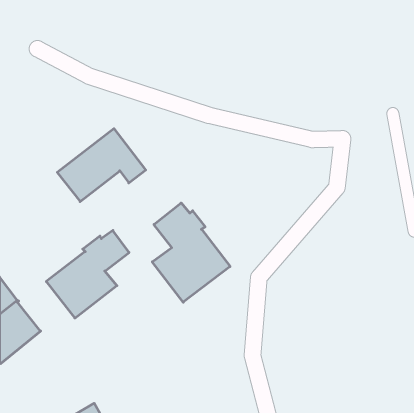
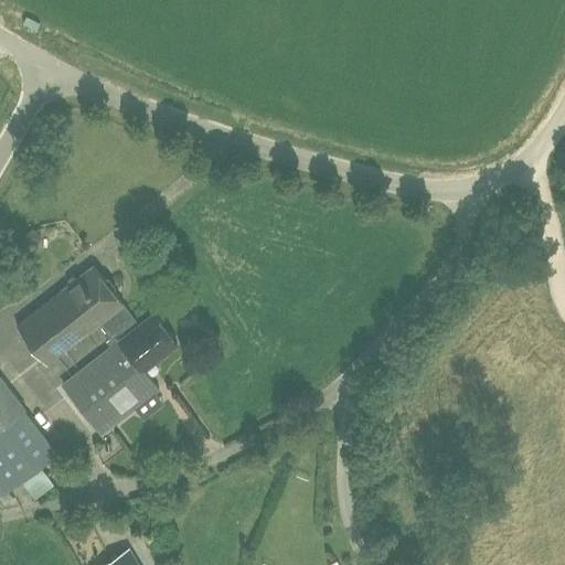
building: [57,129,146,202] -> [15,267,136,366]
building: [152,203,230,302] -> none

